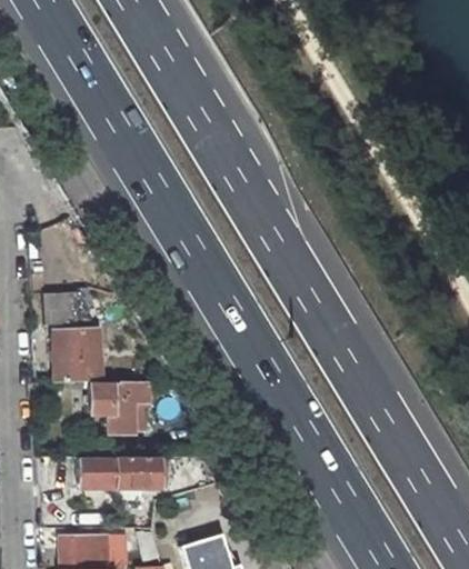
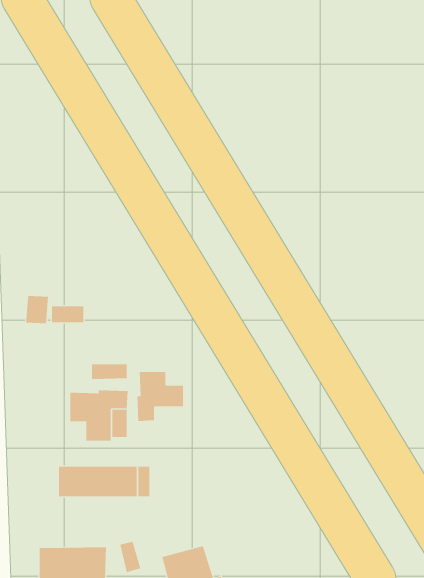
building: [56,331,99,381] -> none
building: none -> [137,371,184,422]

